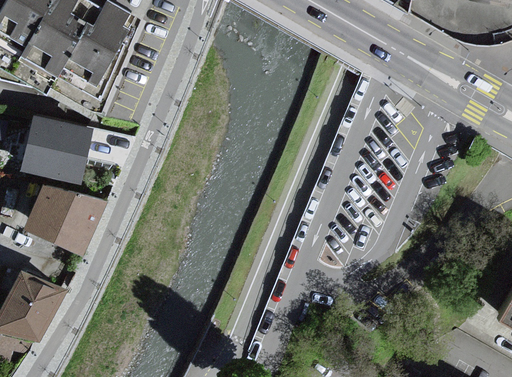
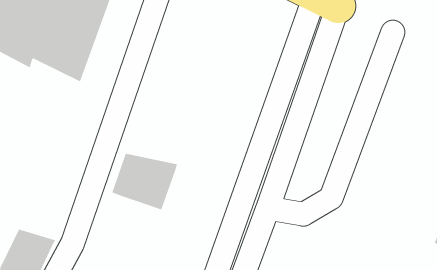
building: [26,117,89,181] -> none
building: [28,187,104,253] -> [111,153,178,210]

